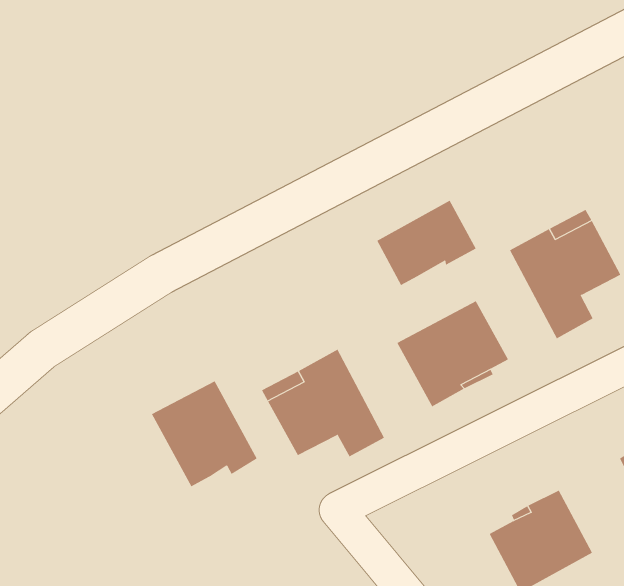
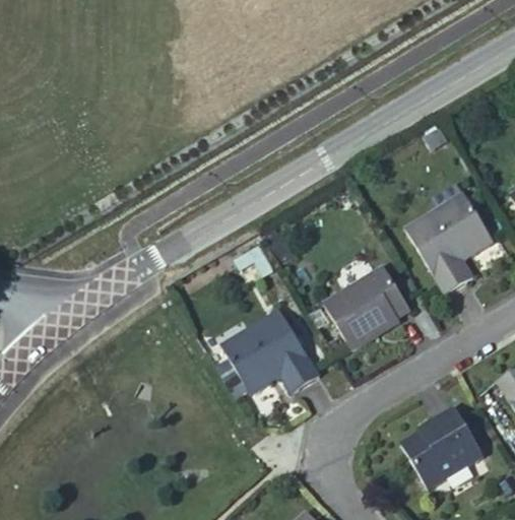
building: [377,200,477,286] -> none
building: [151,381,257,487] -> none

